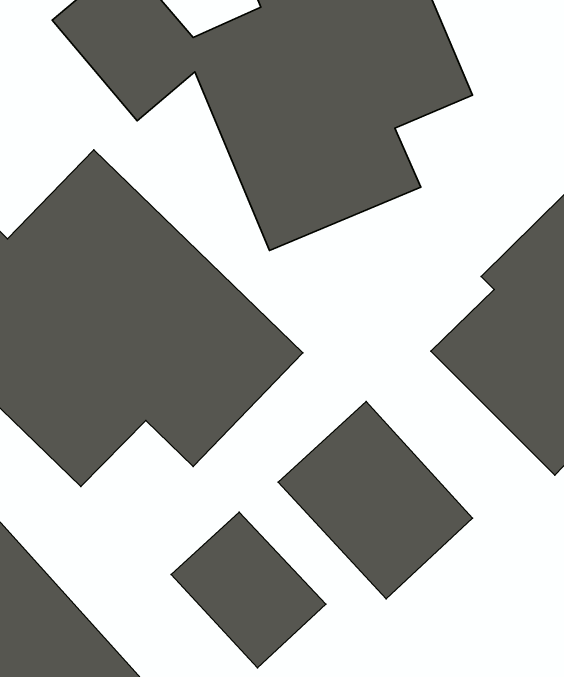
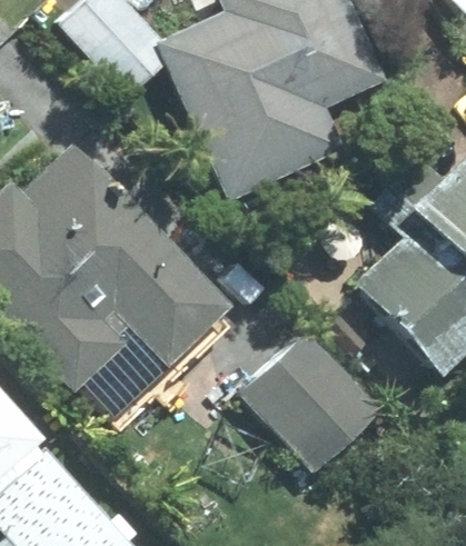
building: [171,512,326,668] -> none

